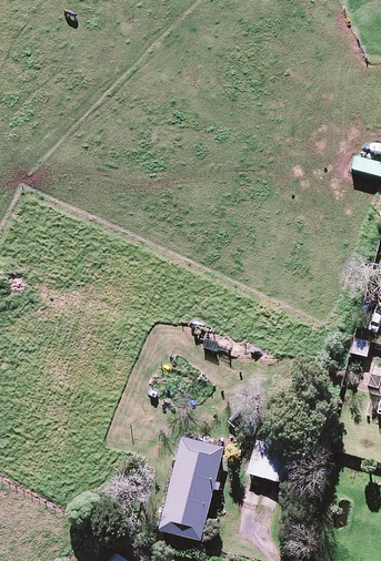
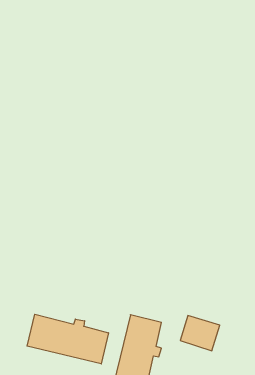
building: none -> [27,314,108,364]

